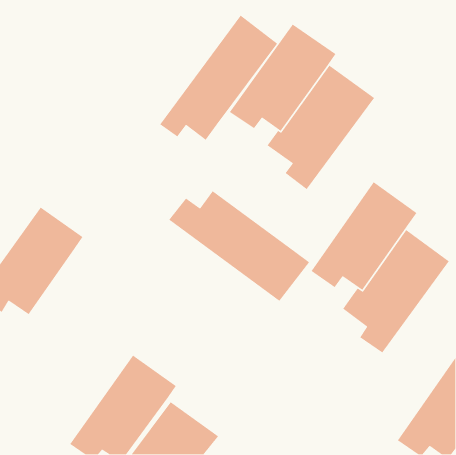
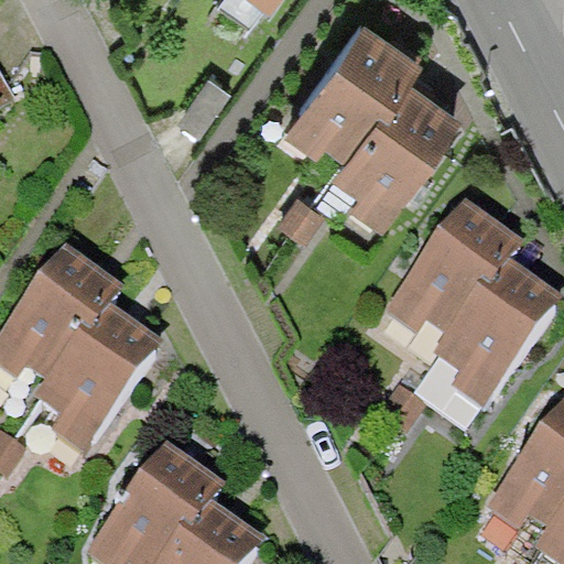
building: [159,15,278,141] -> none
building: [168,190,310,302] -> none
building: none -> [37,297,171,454]

